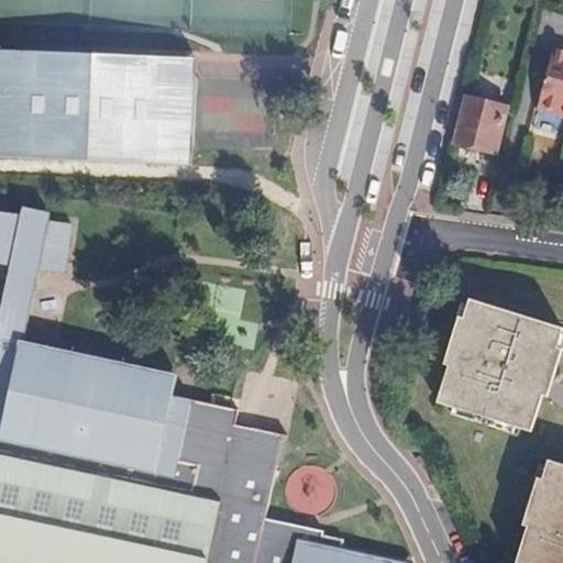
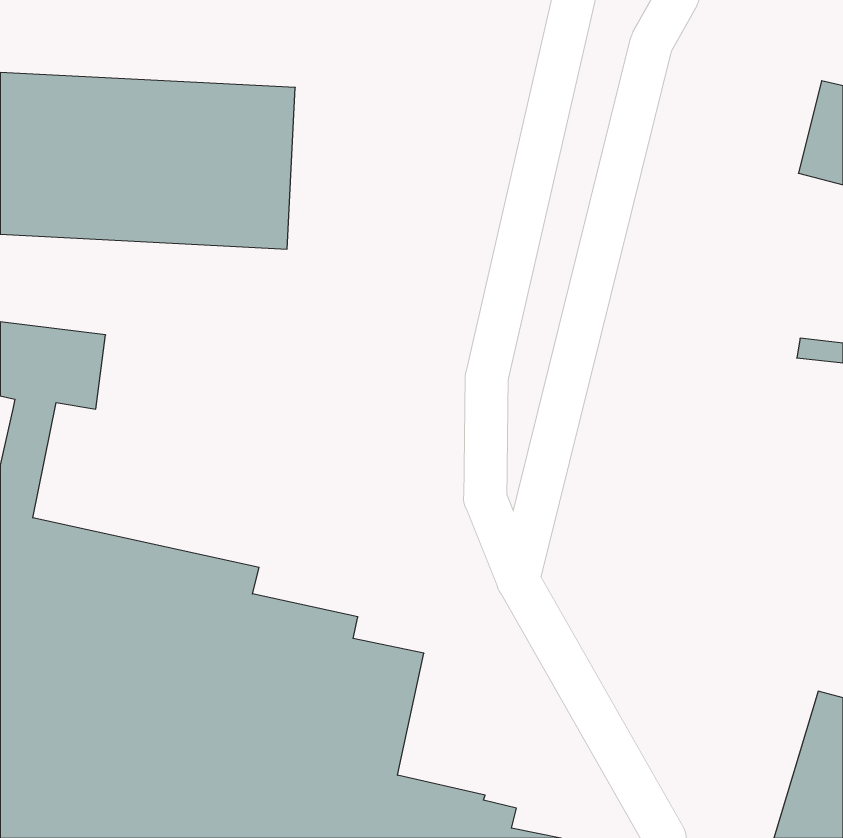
building: [454,98,509,154] -> none
building: [433,302,558,433] -> none

